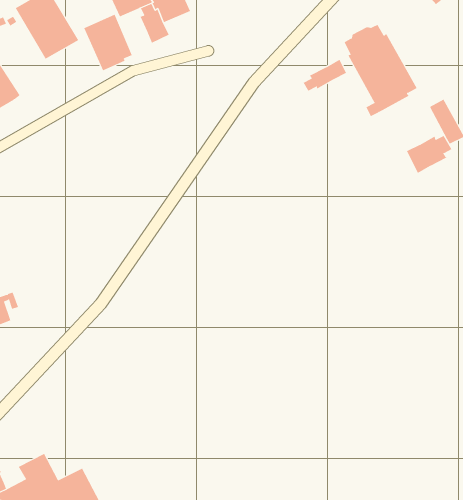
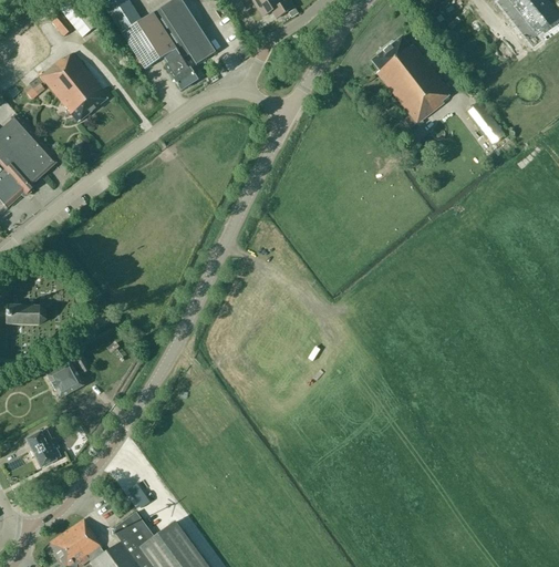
building: [84,14,133,71] -> none
building: [303,59,347,91] -> none
building: [406,135,452,174] -> none

